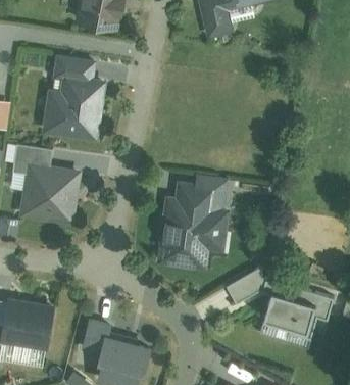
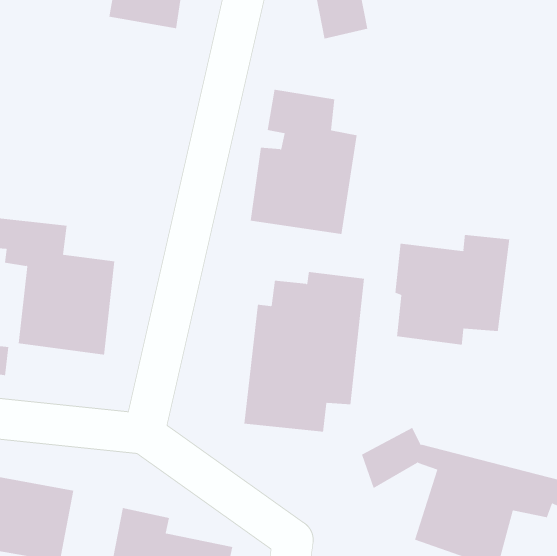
building: [43,54,107,141] -> [250,89,357,234]
building: none -> [395,234,510,345]

